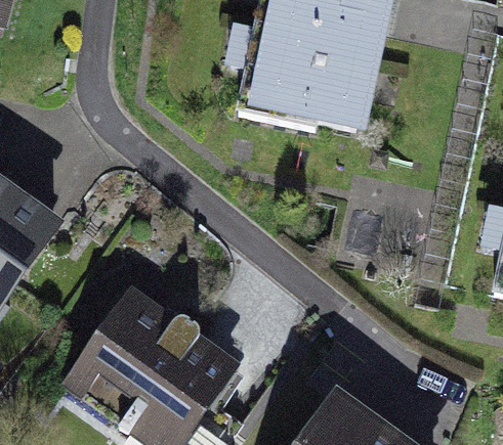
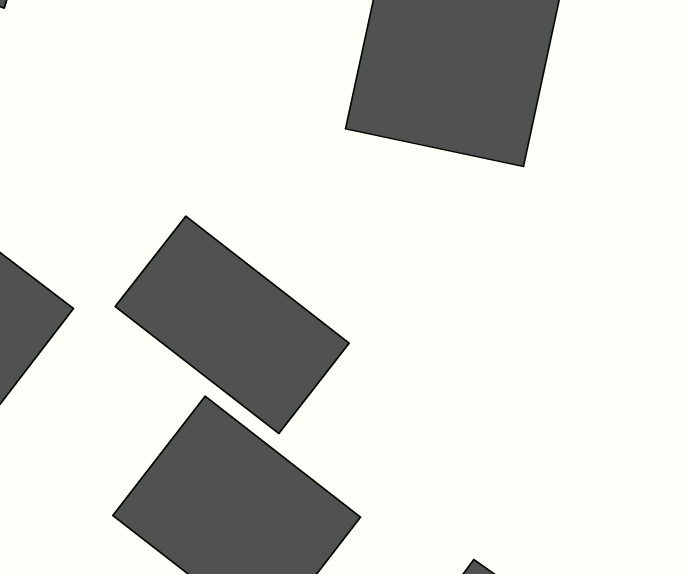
building: none -> [115,216,349,433]

